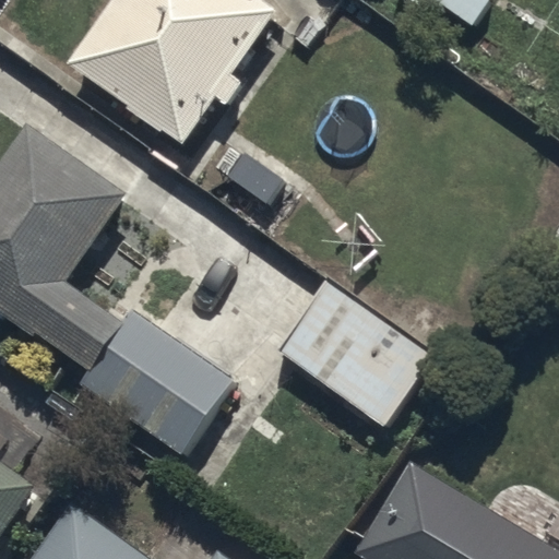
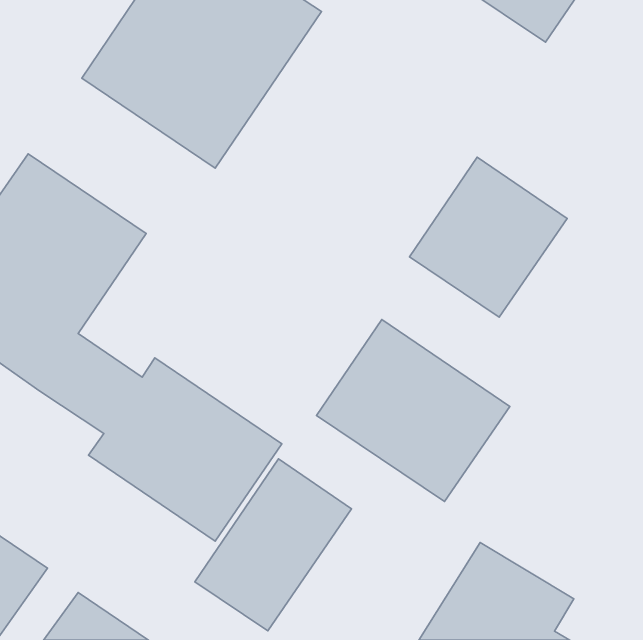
building: none -> [410,157,567,317]
building: none -> [195,459,352,631]

